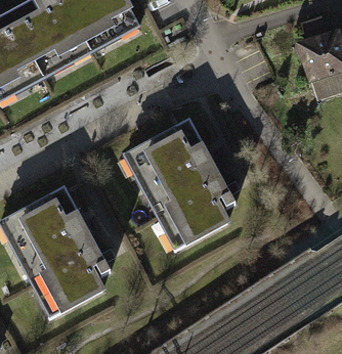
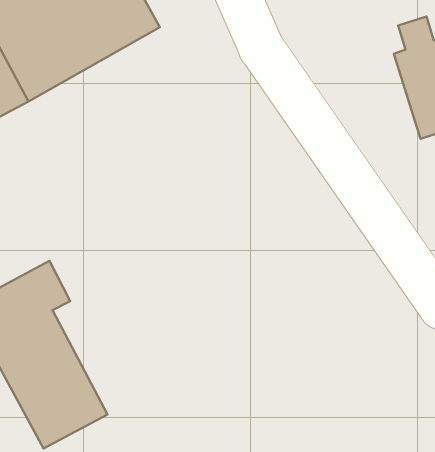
building: [133,118,230,248] -> none

